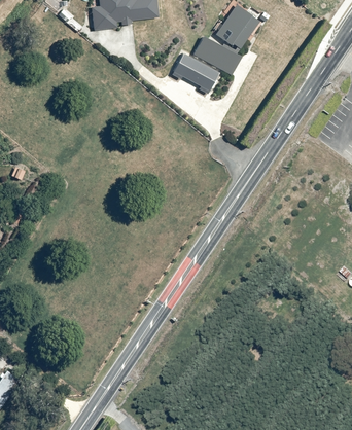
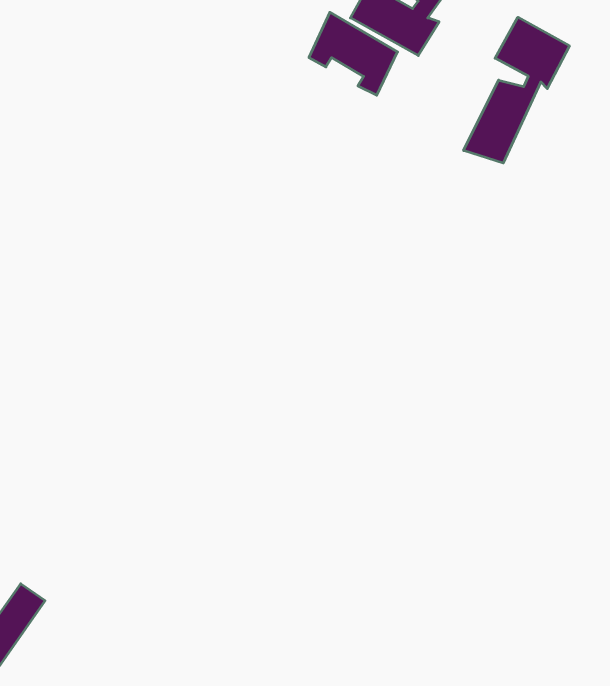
building: none -> [464,17,569,163]

